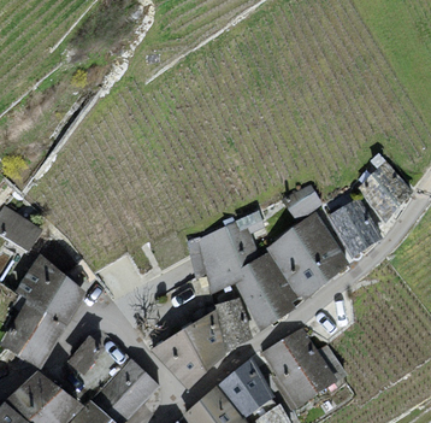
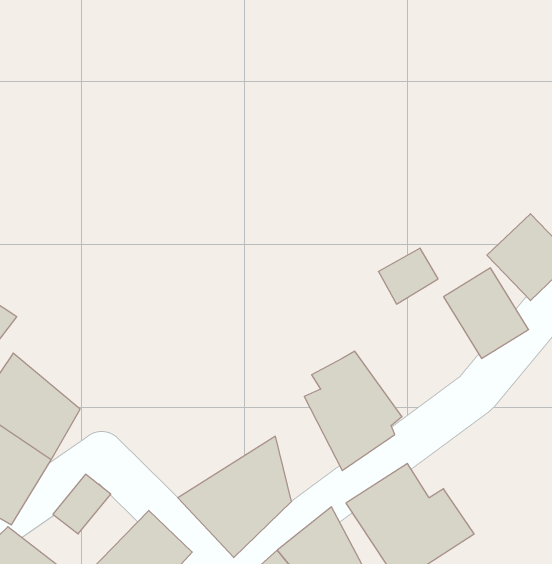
building: [264,213,352,301] -> none
building: [187,222,259,295] -> none
building: [213,298,252,353] -> none

